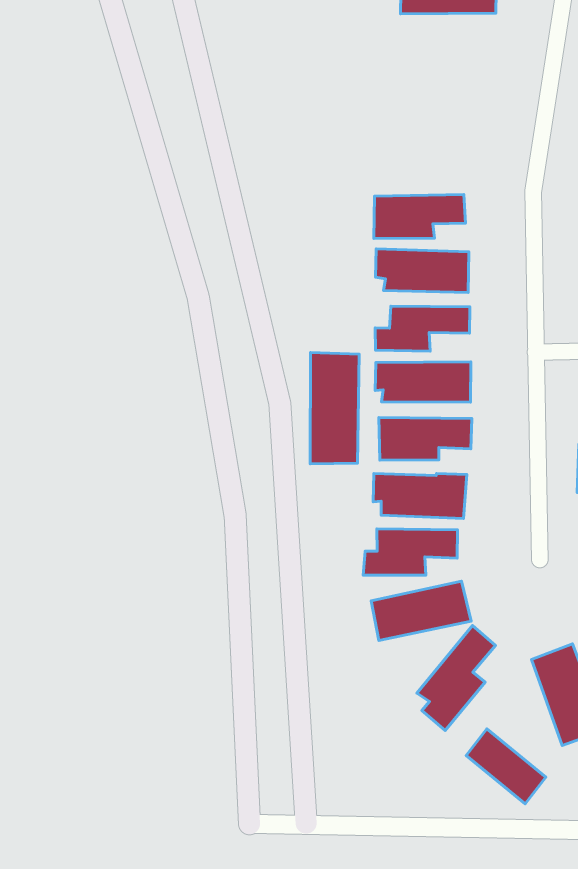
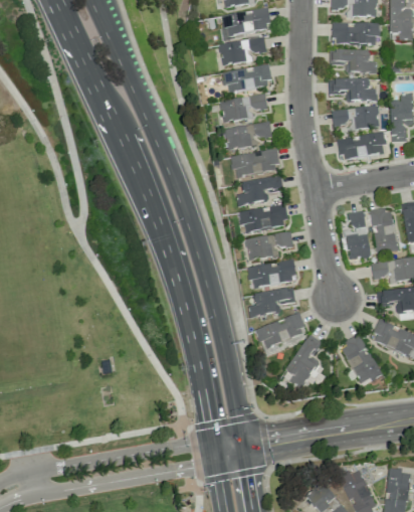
building: none -> [219,37,267,65]
building: none -> [224,65,271,93]
building: none -> [222,97,267,121]
building: [310,352,359,464] -> none
building: [466,729,546,804] -> none

